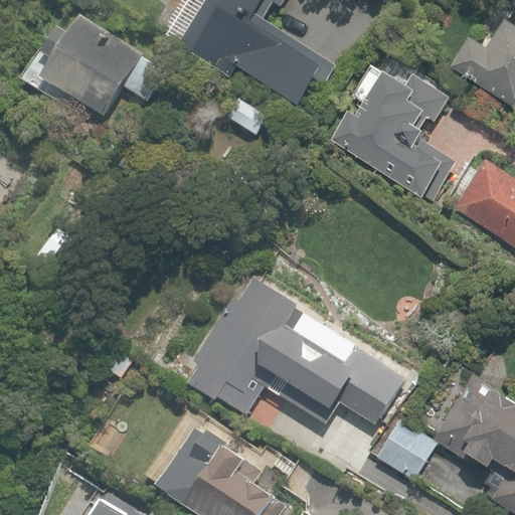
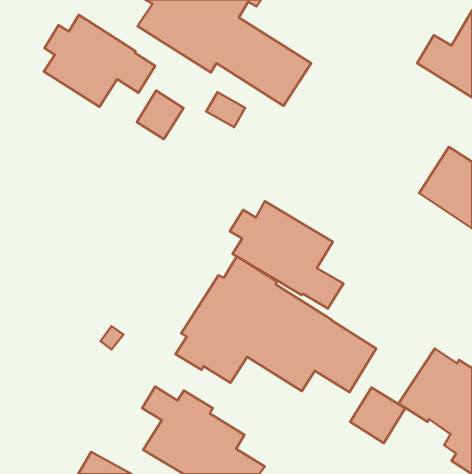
building: [327,66,455,202] -> none
building: none -> [137,91,184,139]
building: none -> [230,201,343,309]

